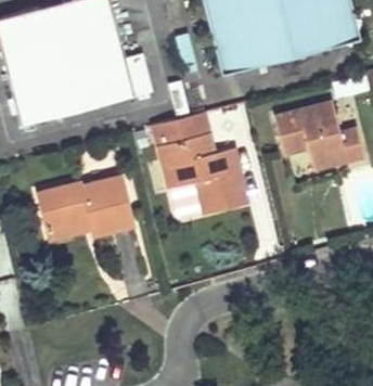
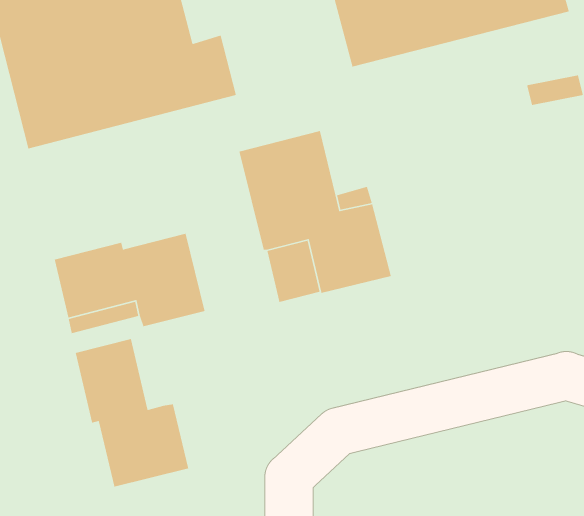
building: [272,103,363,170] -> none
building: none -> [75,338,189,487]

